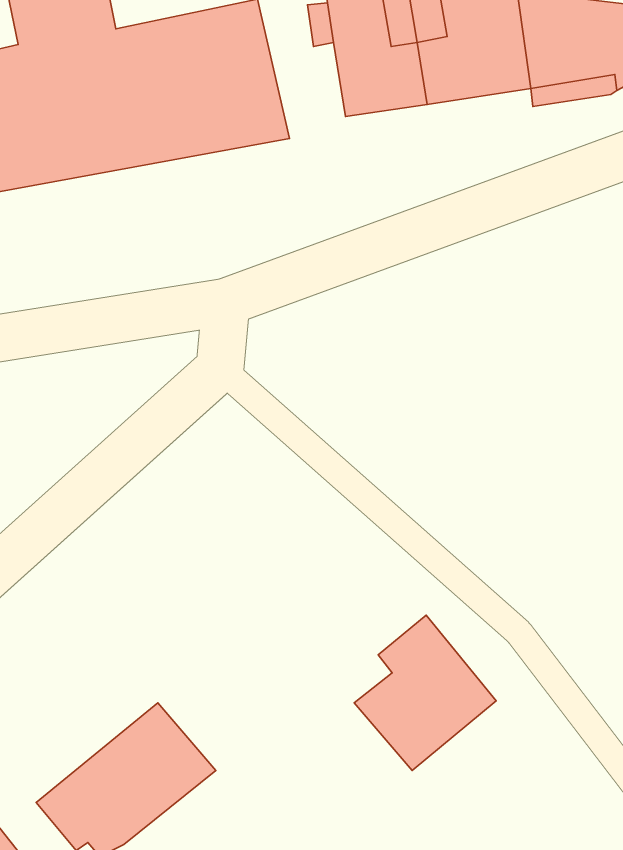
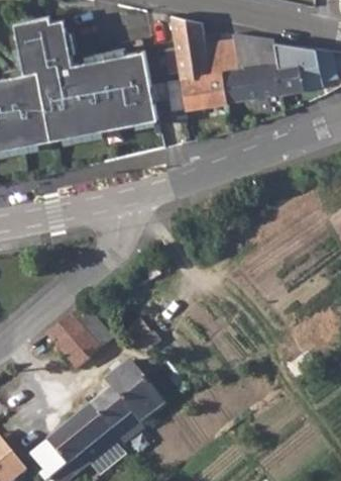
building: none -> [45,305,111,370]
building: [354,615,496,771] -> [92,361,163,440]

